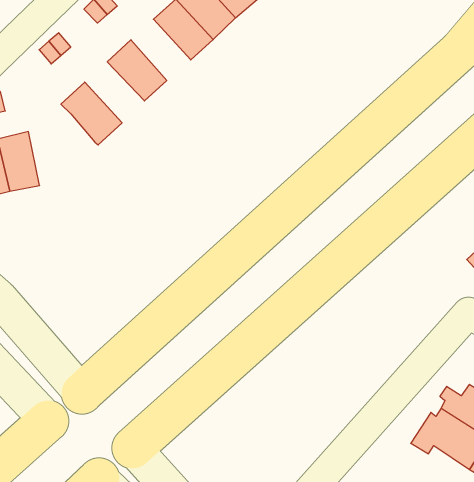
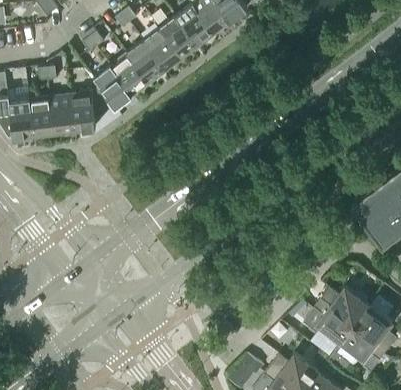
building: none -> [144,28,182,69]
building: none -> [111,53,149,94]
building: none -> [71,85,114,130]

